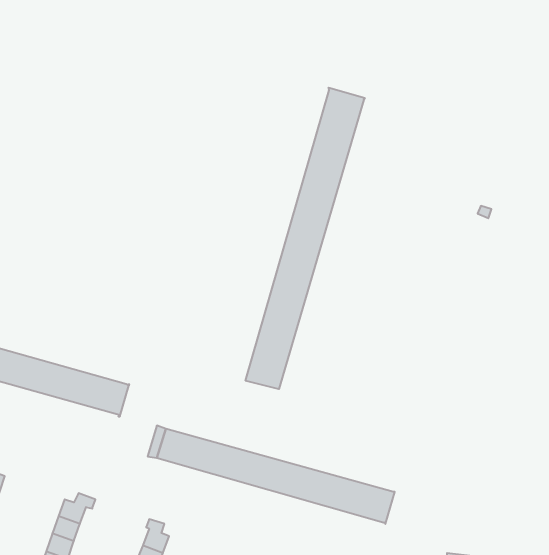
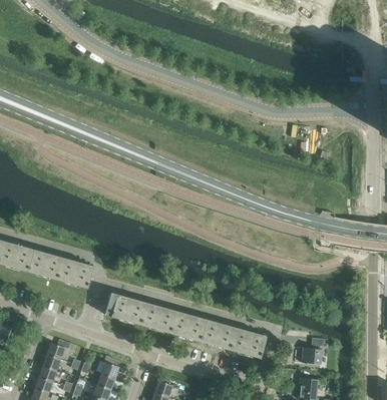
building: [246,88,365,389] -> none
building: none -> [301,338,327,364]

